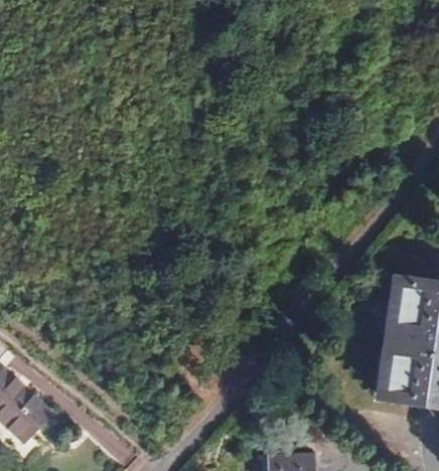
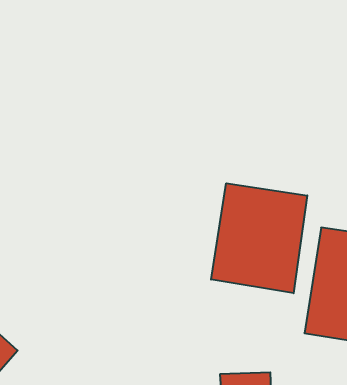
building: none -> [211,183,307,293]

